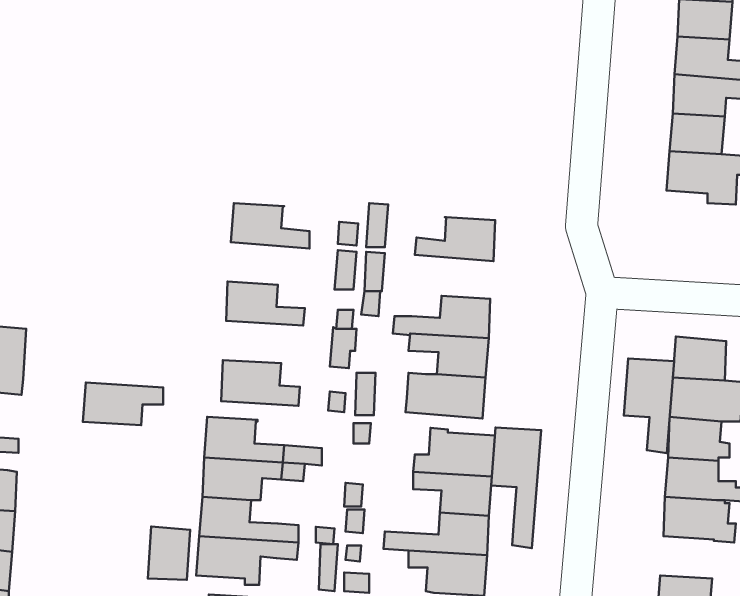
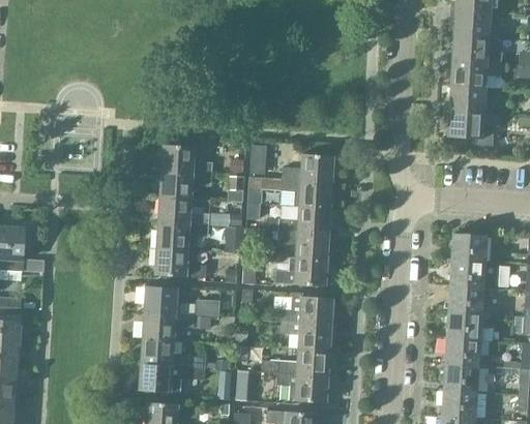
building: none -> [158,171,212,199]
building: none -> [281,179,333,208]
building: [624,358,674,453] -> none
building: [83,383,163,425] -> [155,222,208,250]
building: [491,427,541,548] -> none
building: [148,527,190,580] -> none
building: none -> [443,364,478,392]

